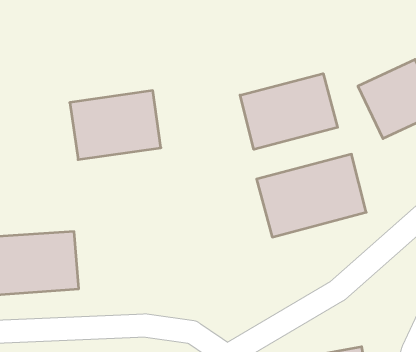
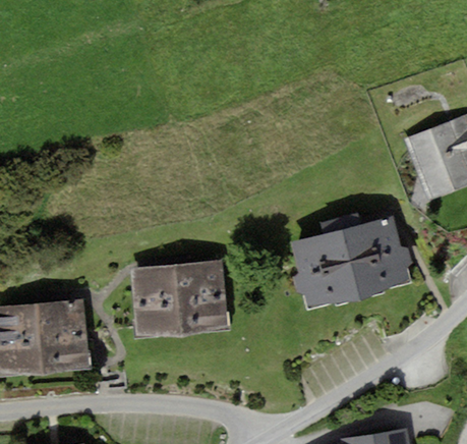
building: [240,74,338,149] -> none
building: [70,91,161,160] -> [128,258,229,334]

